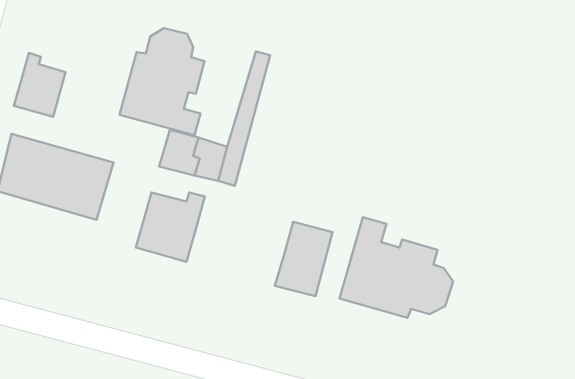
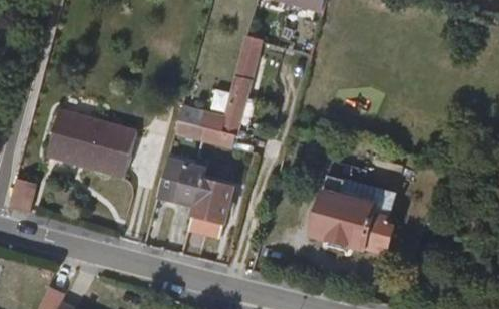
building: [120,28,204,135] -> none
building: [14,53,66,117] -> none
building: [275,222,332,296] -> [187,182,231,239]

